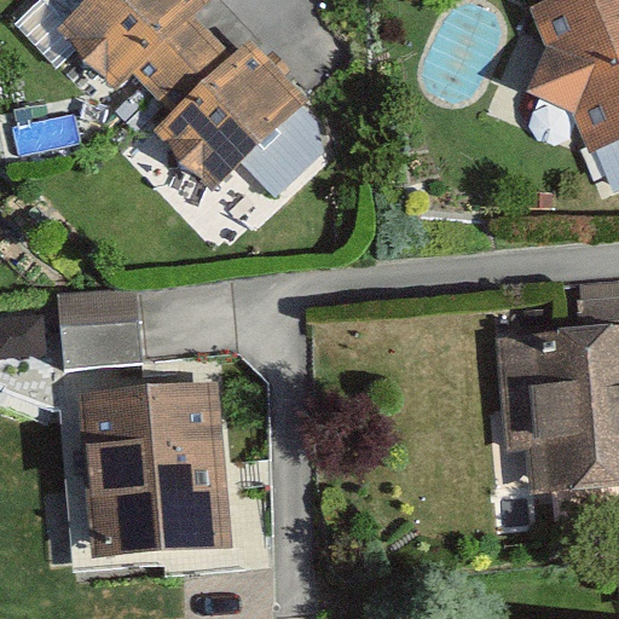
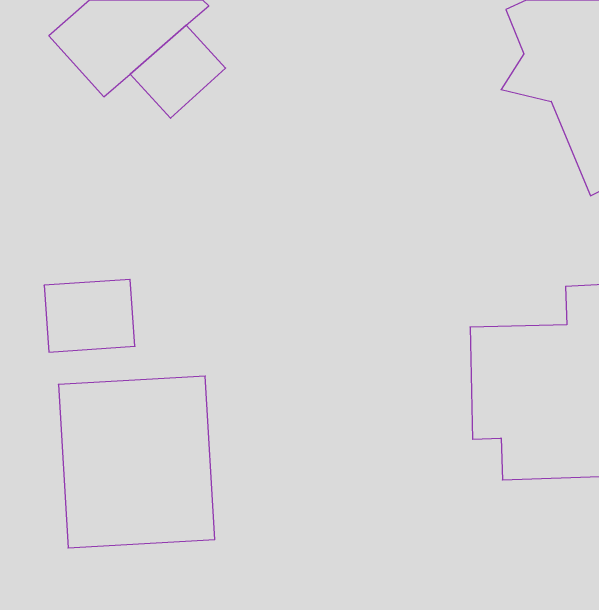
building: [167,48,320,198] -> none

